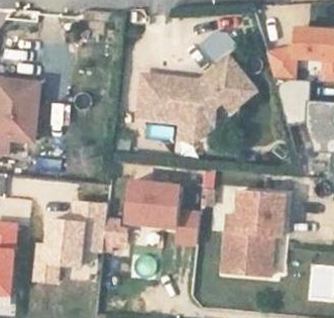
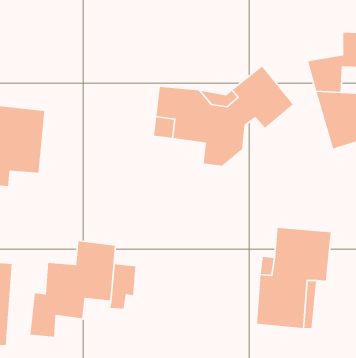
building: [123,184,197,243] -> none

